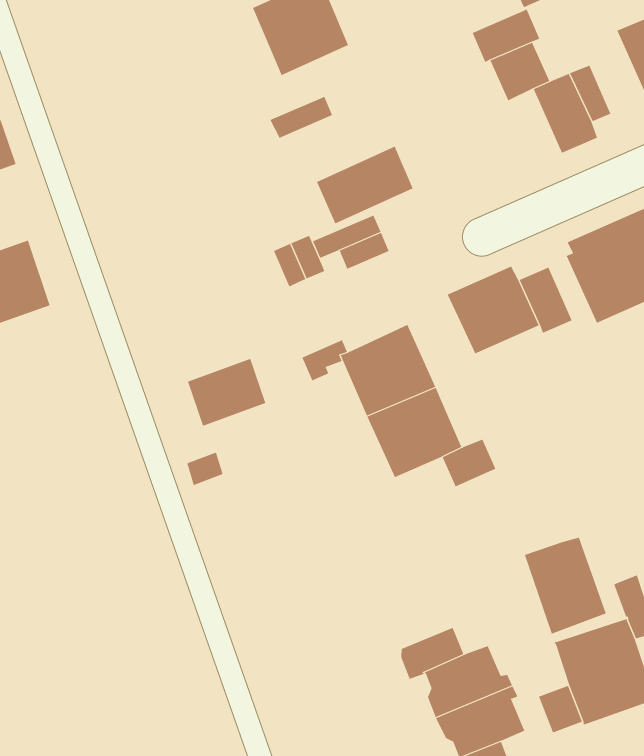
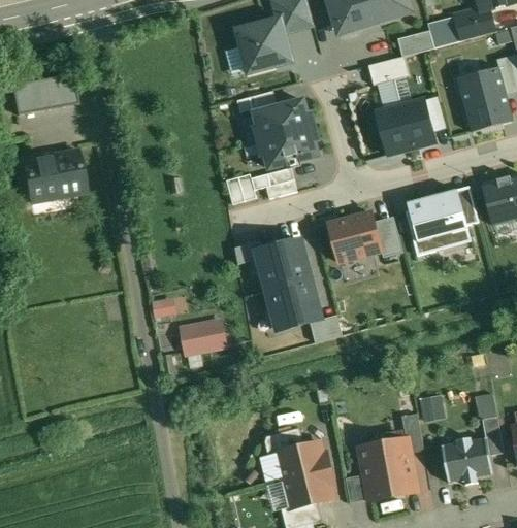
building: none -> [376,105,411,154]
building: none -> [250,99,310,141]
building: [187,358,266,426] -> [179,318,225,355]
building: [524,537,606,634] -> none

